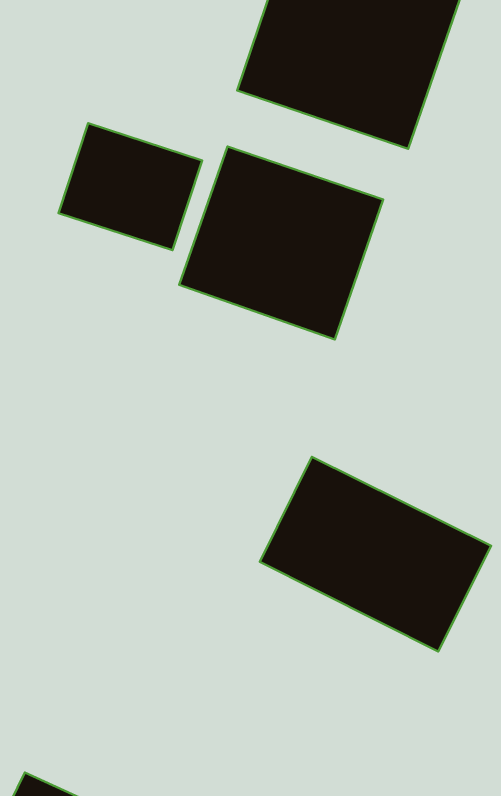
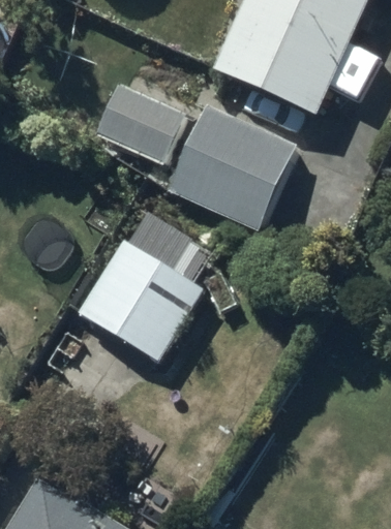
building: none -> [77,238,204,362]
building: [260,457,491,652] -> none

